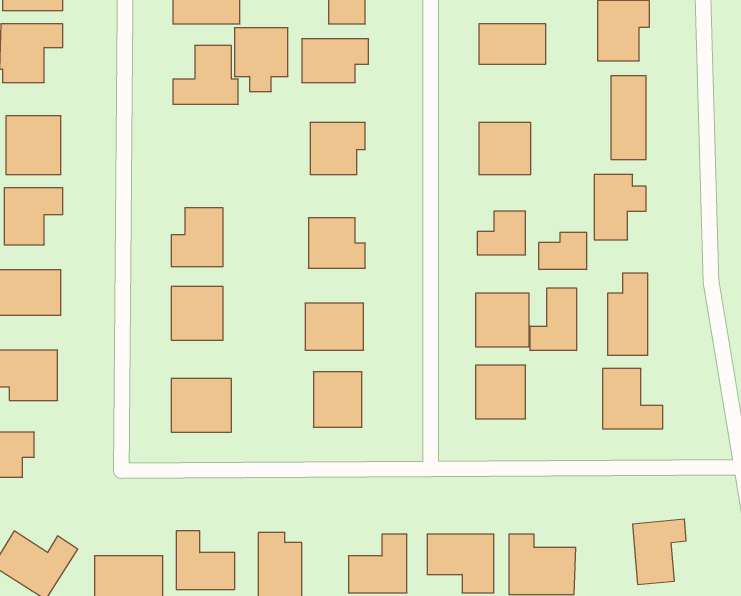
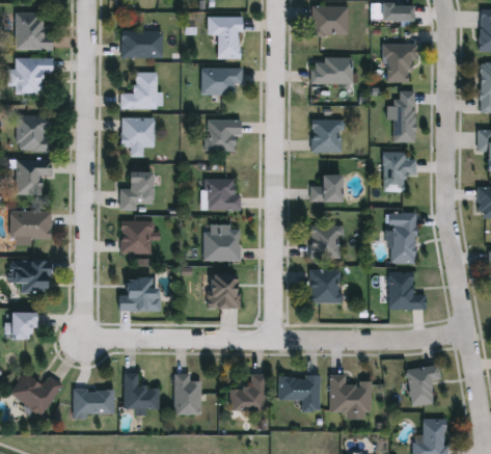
building: [234,28,288,92] -> [121,117,155,157]
building: [539,232,587,270] -> none
building: [530,288,576,351] -> none

